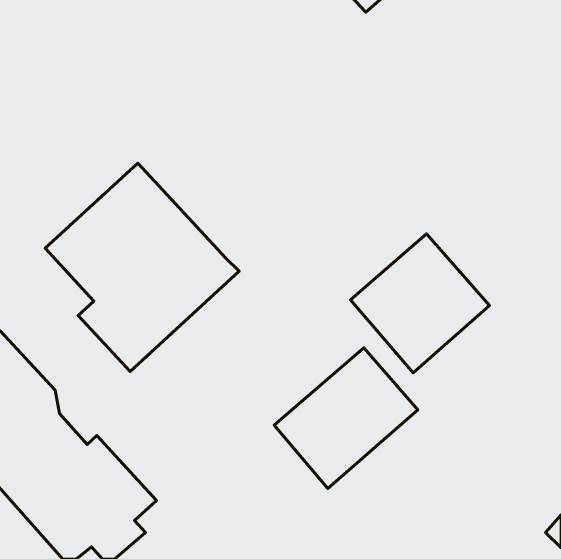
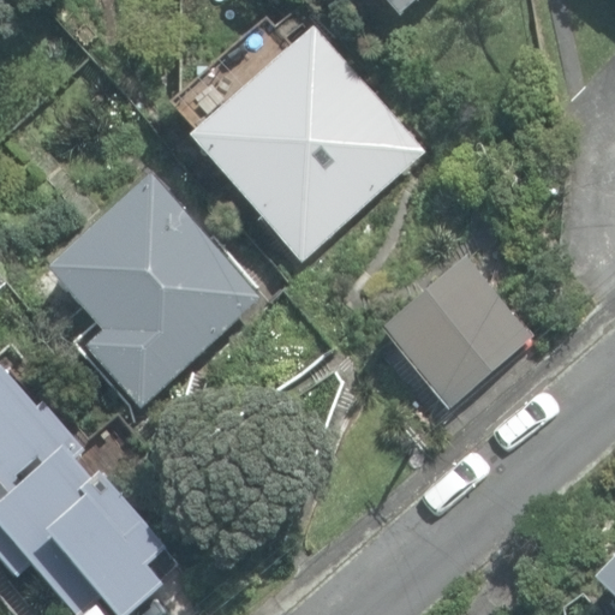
building: none -> [193,28,423,257]
building: [274,348,418,489] -> none

